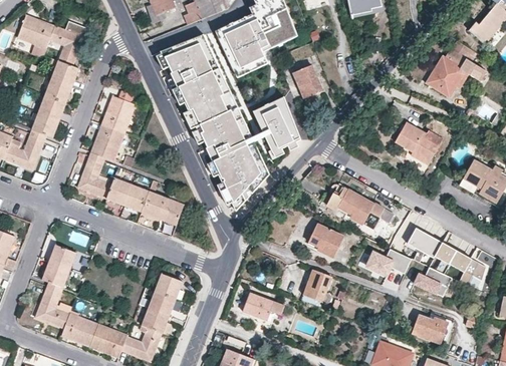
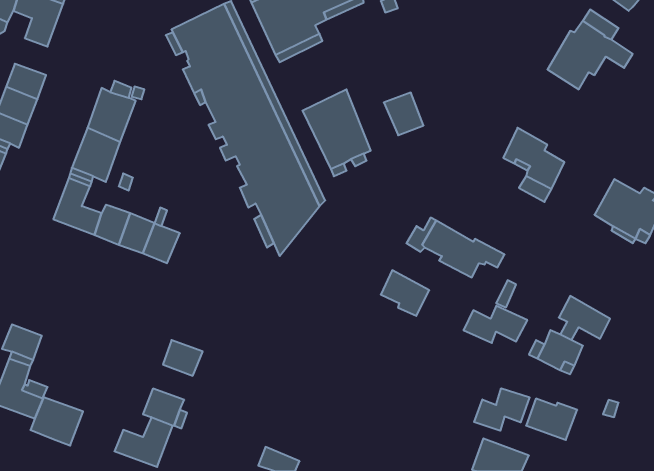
building: [50,60,79,86] -> none
building: [293,66,321,96] -> [384,93,424,135]
building: [158,198,184,226] -> none
building: [408,228,442,262] -> none
building: [48,245,76,270] -> none
building: [458,258,485,285] -> none
building: [303,269,332,302] -> none
building: [148,290,176,315] -> none
building: [242,292,283,320] -> none
building: none -> [474,388,530,431]
building: [89,323,128,358] -> none

